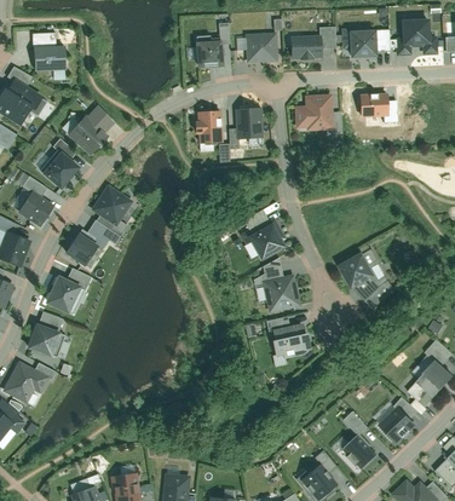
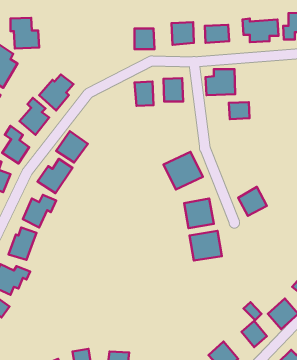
building: [359,93,387,116] -> [229,102,250,119]

